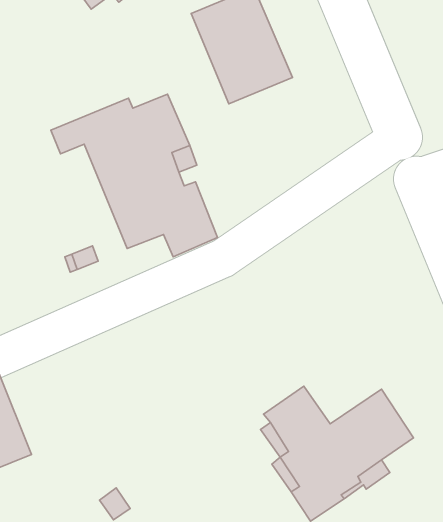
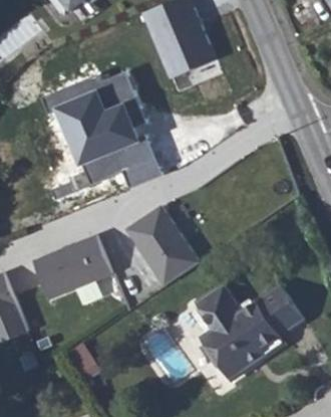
building: none -> [126,206,199,285]
building: none -> [33,235,111,299]

